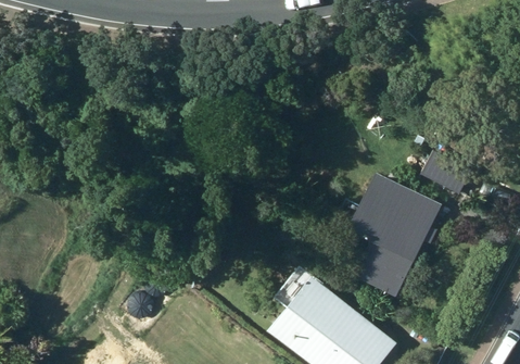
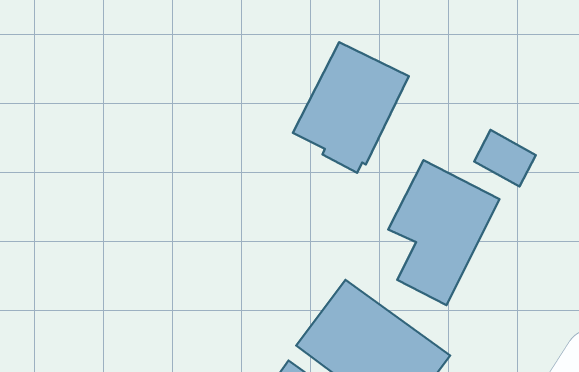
building: none -> [293,42,409,173]

